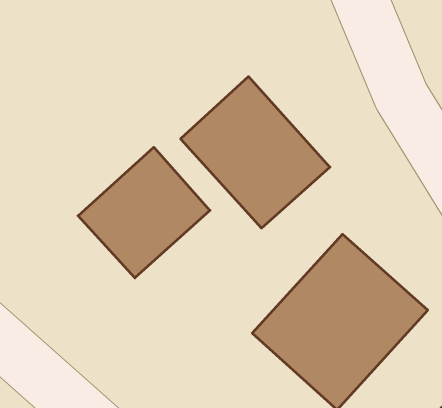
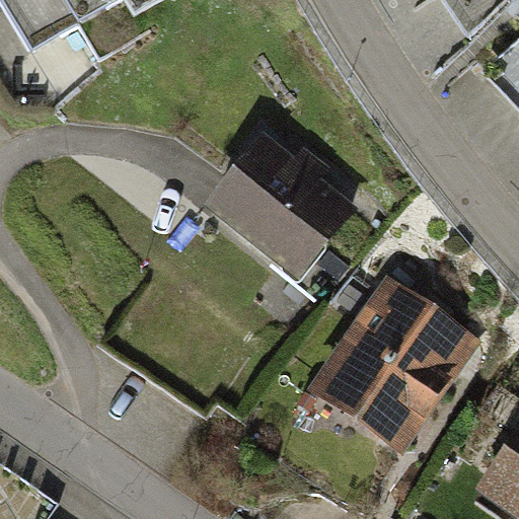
building: [78,147,210,278] -> none

